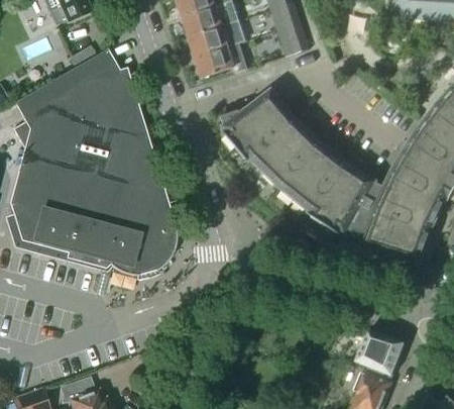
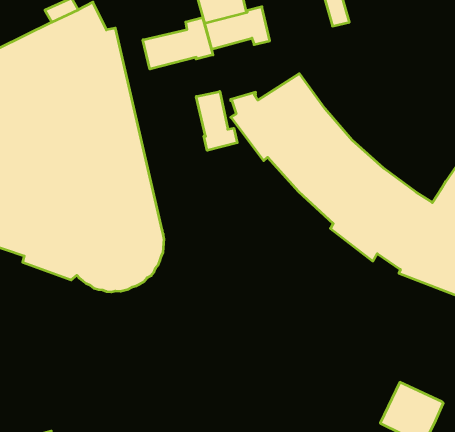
building: none -> [143,18,213,69]
building: none -> [196,91,237,150]

